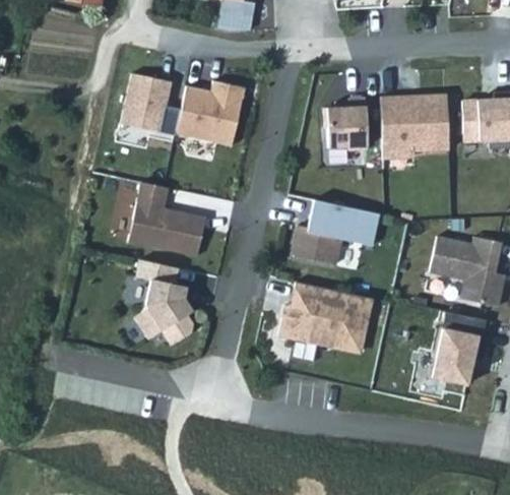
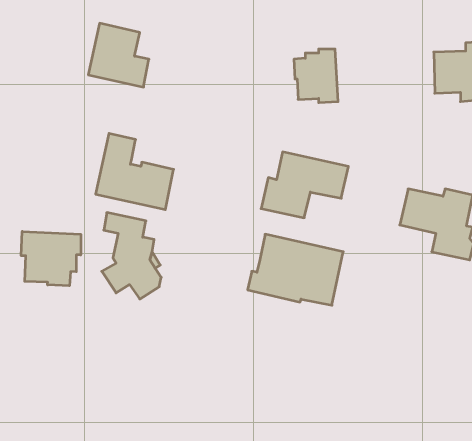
building: [176,80,245,145] -> none
building: [380,95,448,152] -> none
building: none -> [21,231,81,286]
building: [432,311,485,384] -> none

